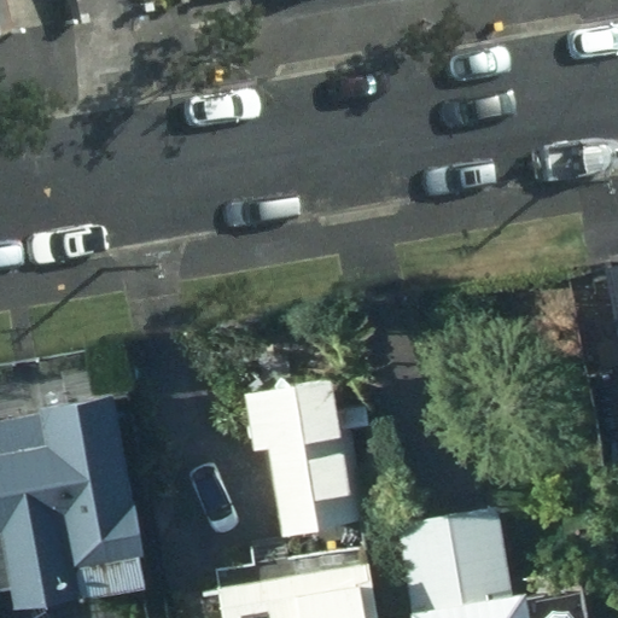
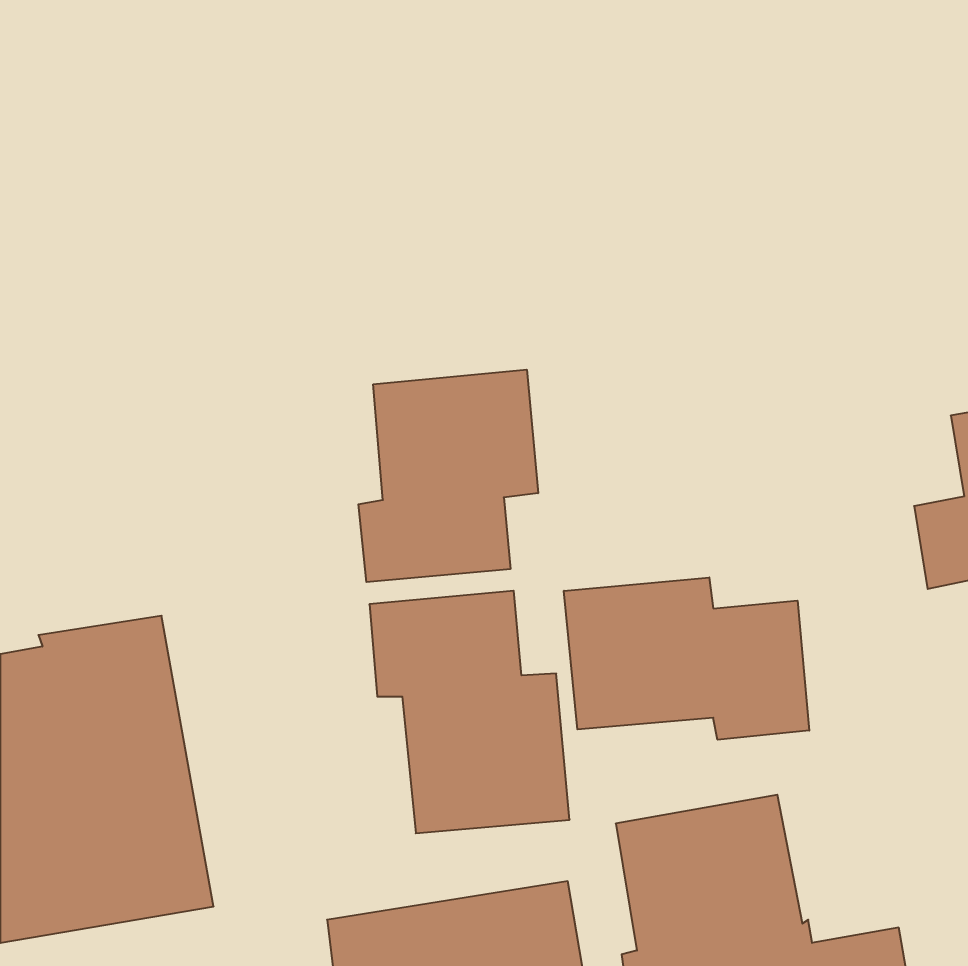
building: none -> [358,370,538,582]
building: none -> [564,577,809,740]

